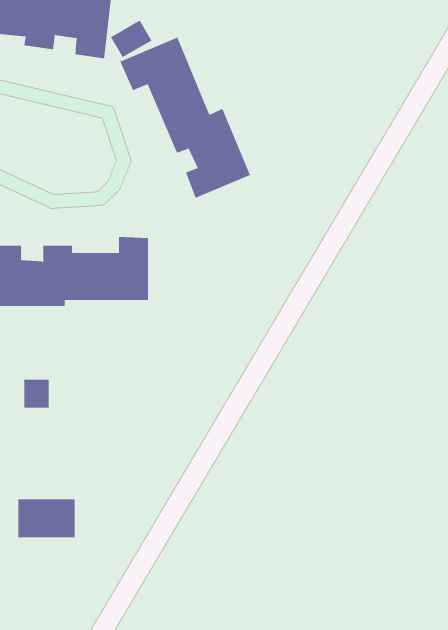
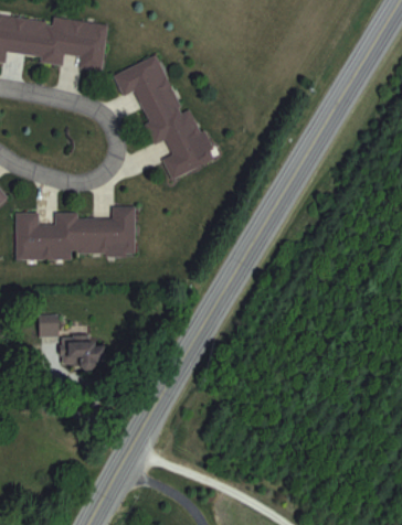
building: [110,20,152,58] -> none
building: [17,499,76,538] -> [62,338,106,367]

